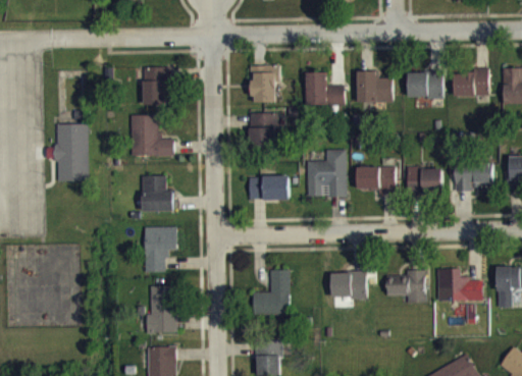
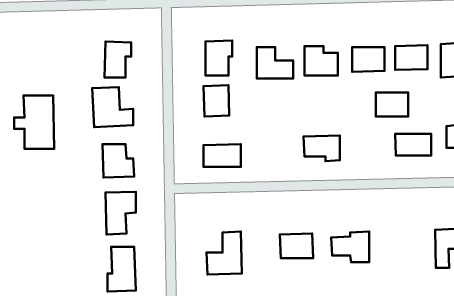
building: [306,149,347,197] -> none
building: [407,167,441,193] -> [376,93,408,116]
building: [436,268,482,302] -> none

